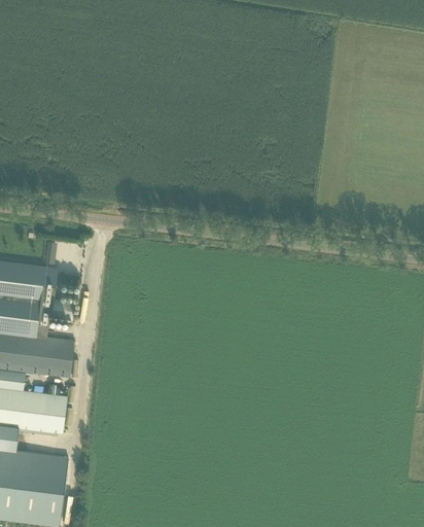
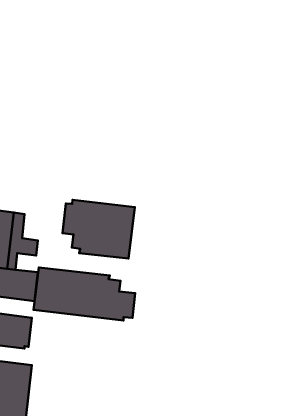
building: none -> [62,200,135,259]
building: none -> [33,267,135,320]

